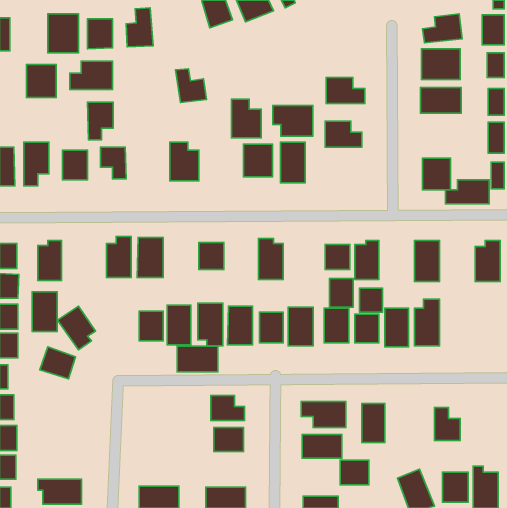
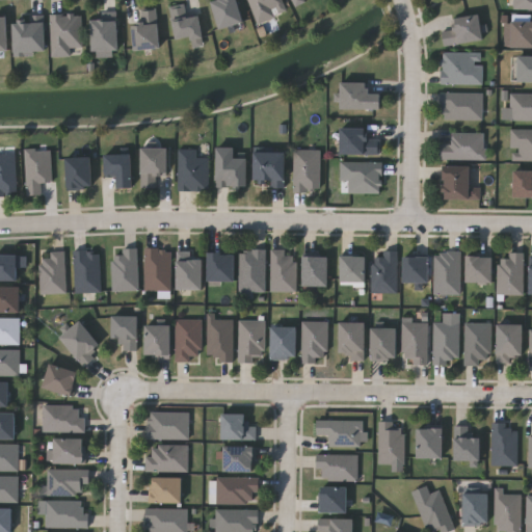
building: [70,61,112,90] -> none
building: [26,65,56,97] -> [14,19,45,53]
building: [176,69,206,103] -> [170,4,203,39]
building: [231,99,261,138] -> [216,147,247,187]
building: [87,102,113,140] -> [140,148,167,187]
building: [273,105,313,136] -> [340,161,381,193]
building: [446,180,489,204] -> [438,133,484,158]
building: none -> [239,250,265,292]
building: none -> [177,251,203,290]
building: none -> [466,256,493,283]
building: [329,278,353,307] -> [302,256,327,286]
building: [360,288,382,312] -> [404,258,428,283]
building: [32,292,57,332] -> [74,250,100,292]
building: none -> [111,316,137,350]
building: none -> [464,323,490,362]
building: none -> [497,324,524,362]
building: [177,346,218,372] -> [145,411,188,438]
building: none -> [43,404,84,431]
building: none -> [491,424,516,464]
building: none -> [418,428,443,458]
building: none -> [53,438,85,463]
building: none -> [145,445,188,471]
building: none -> [46,469,85,495]
building: none -> [150,477,182,503]
building: none -> [216,477,257,503]
building: [340,460,369,485] -> [318,486,348,512]

